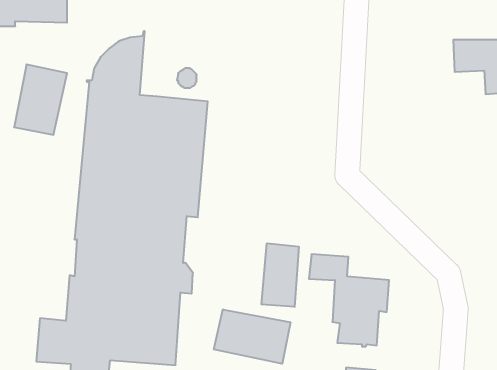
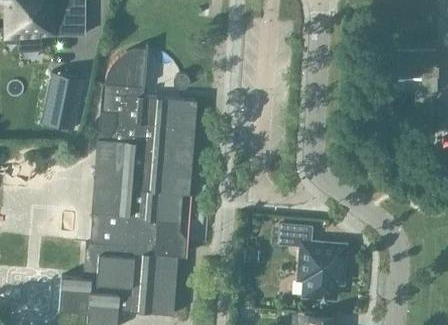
building: [261,243,299,307] -> none
building: [214,309,290,364] -> none

